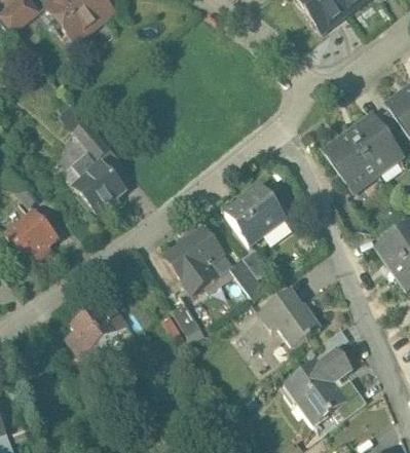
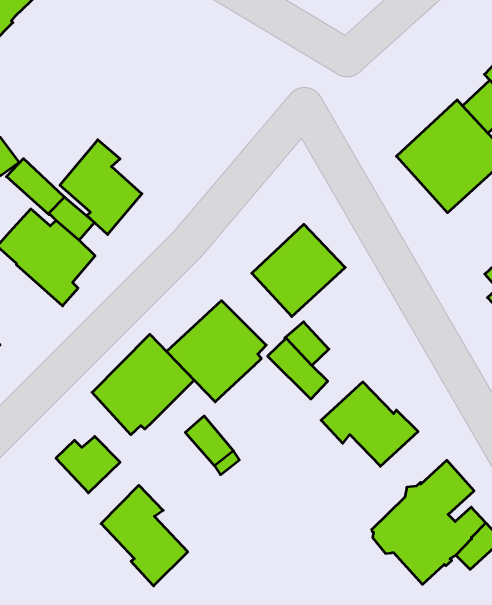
building: none -> [60,140,142,235]
building: none -> [92,334,194,435]
building: [65,314,103,356] -> none
building: none -> [101,485,188,586]

